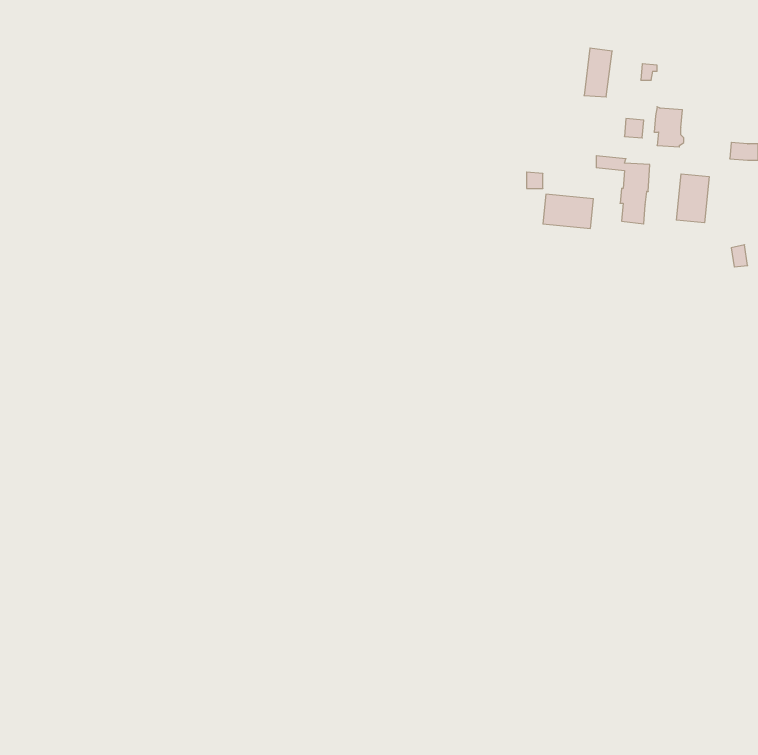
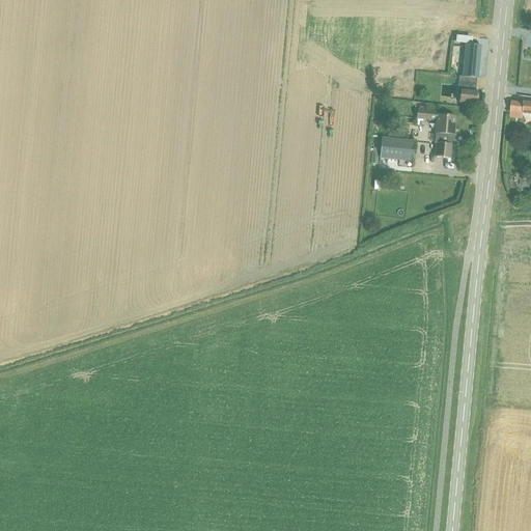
building: [584,48,612,97] -> [462,43,481,77]
building: [676,174,709,223] -> none

